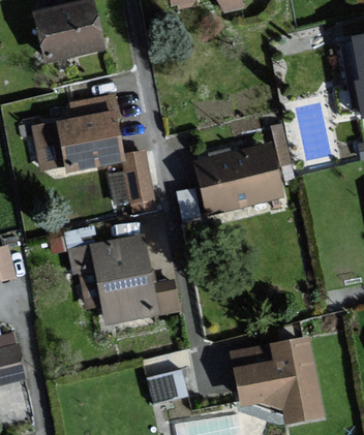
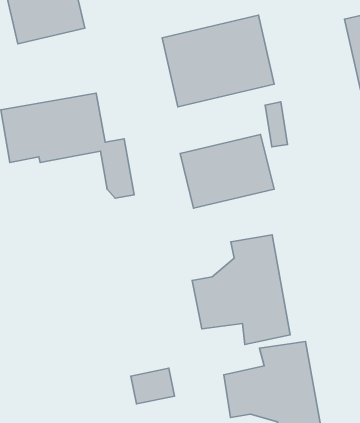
building: none -> [162,15,274,107]
building: [68,235,177,322] -> none
building: none -> [192,235,290,345]

